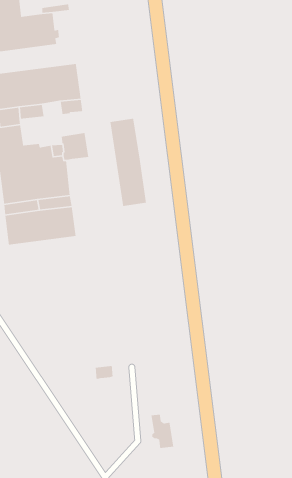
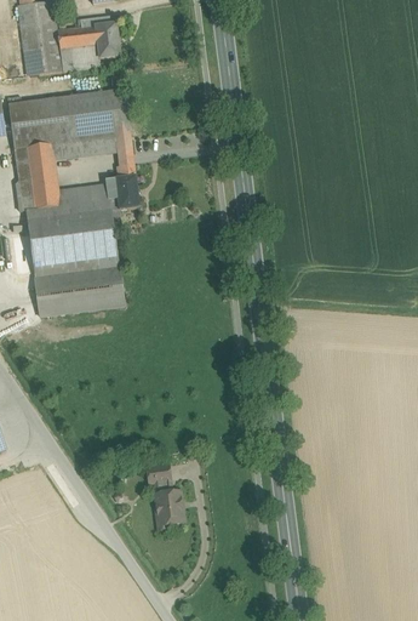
building: none -> [95,22,120,56]
building: [109,118,147,207] -> none
building: [151,414,174,449] -> [154,479,183,523]

